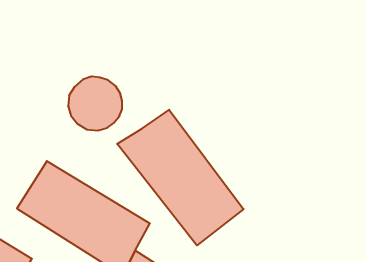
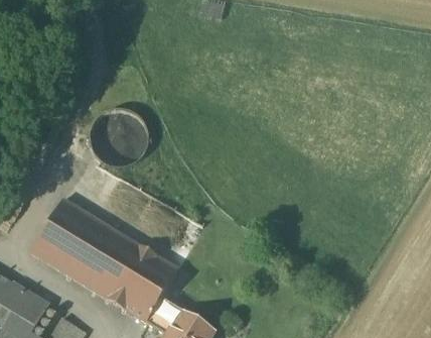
building: [117,110,244,245] -> none

